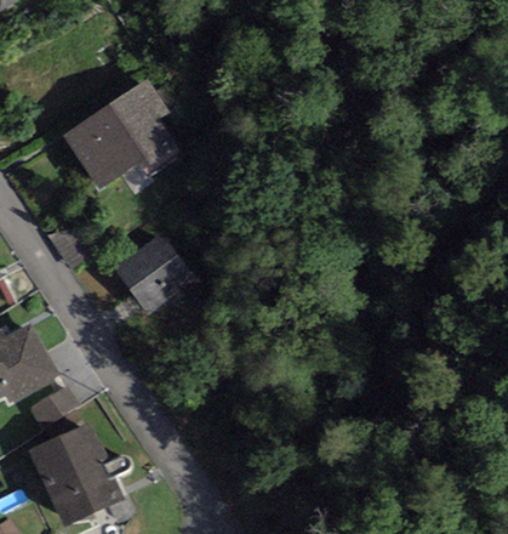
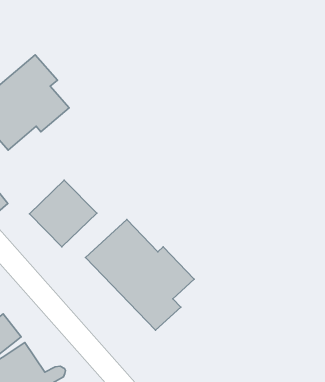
building: none -> [85,220,194,330]

